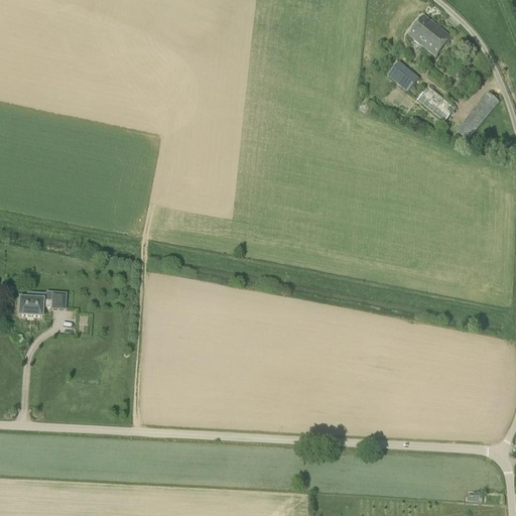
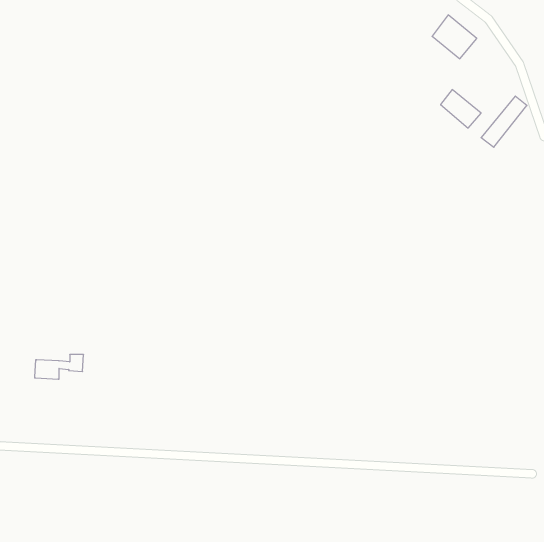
building: [386,60,418,91] -> none
building: [17,291,63,314] -> [35,355,84,379]

